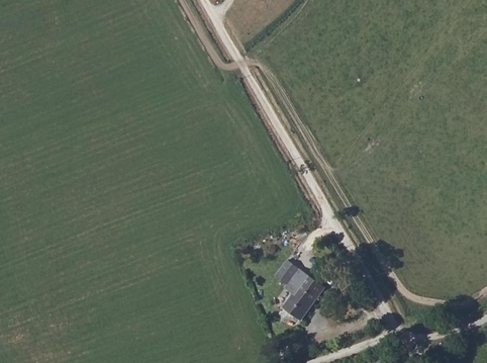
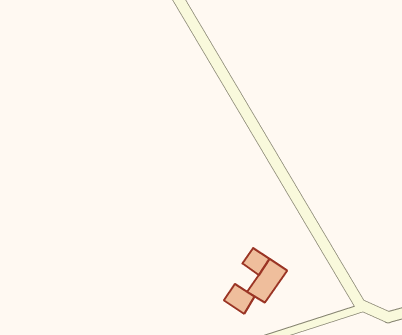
building: none -> [224,284,255,314]

